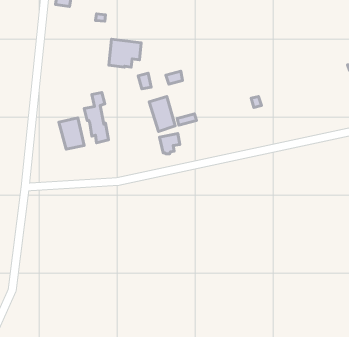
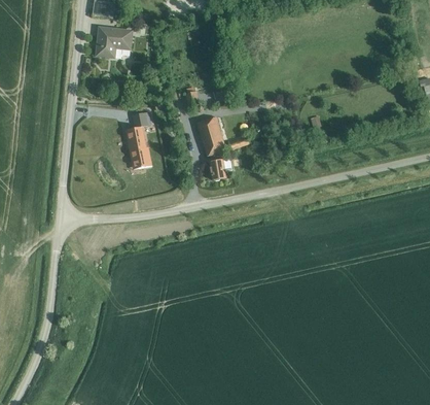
building: [109,39,141,67] -> [96,26,132,57]
building: [59,118,84,149] -> none

